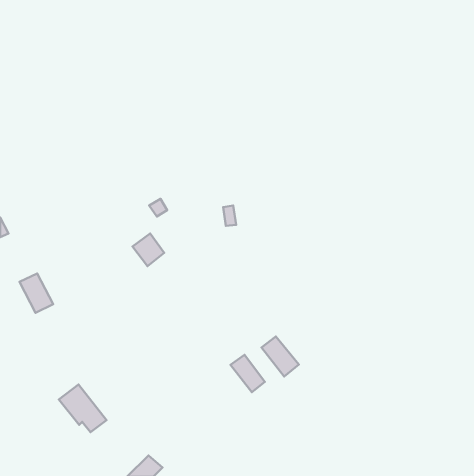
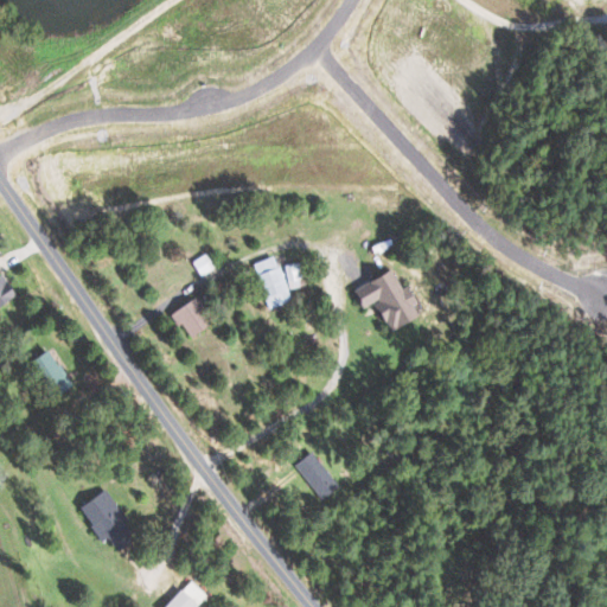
building: none -> [254,255,293,309]
building: none -> [352,269,420,330]
building: [262,336,299,377] -> none

